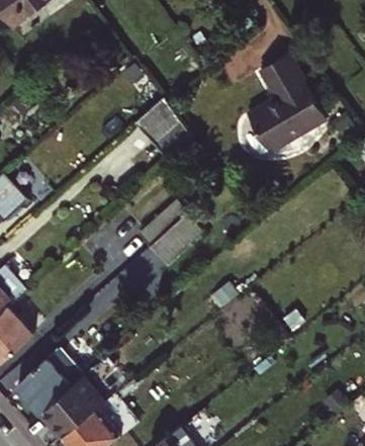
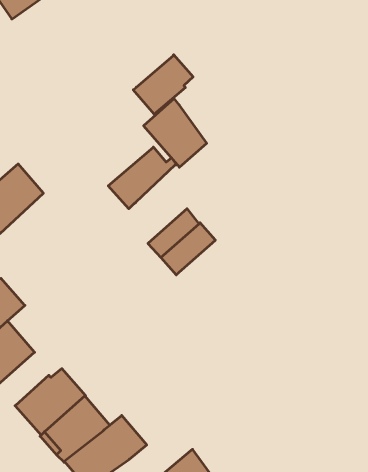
building: [247,55,327,153] -> none
building: none -> [133,55,193,114]
building: none -> [108,147,176,209]

